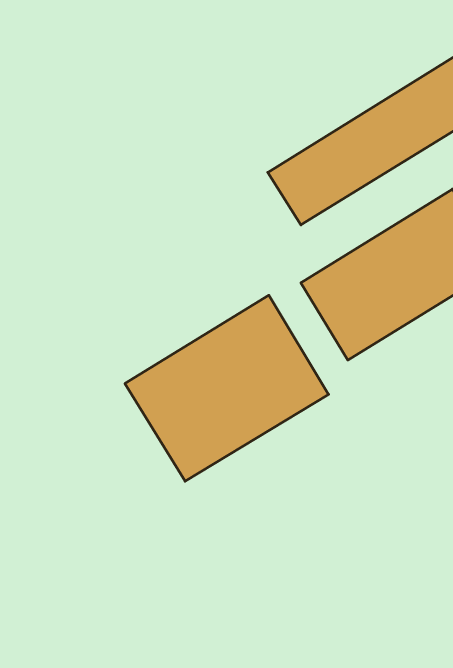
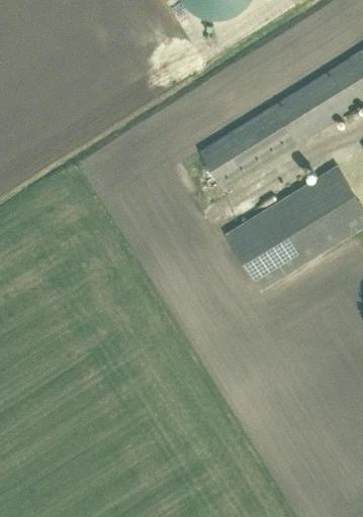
building: [125,295,329,481] -> none

